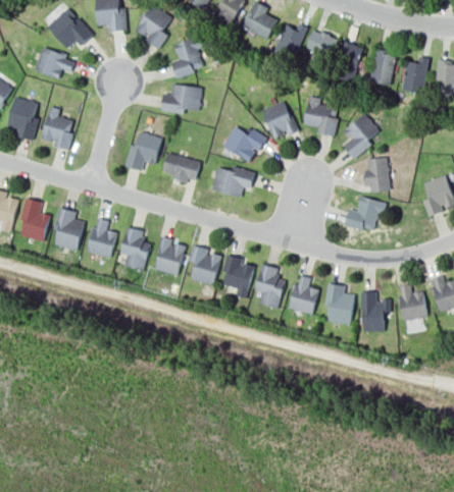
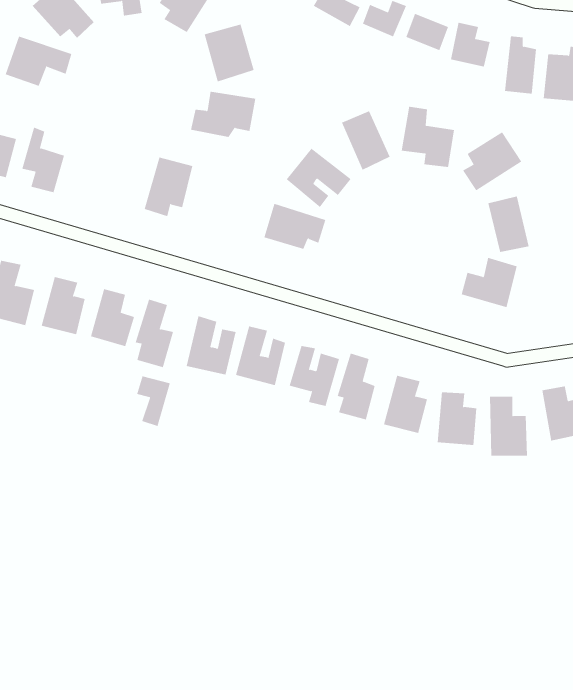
building: [163,154,199,186] -> none
building: none -> [136,375,171,427]

